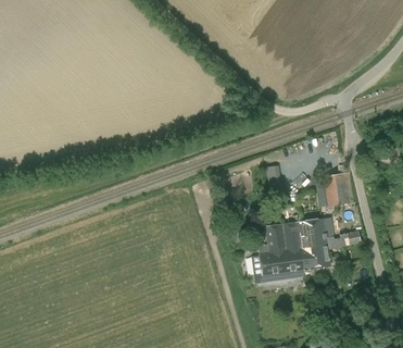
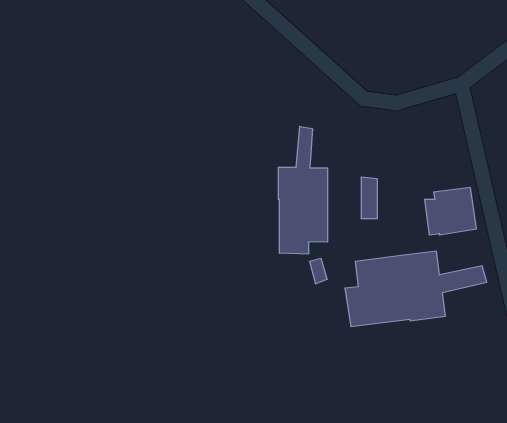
building: none -> [278,126,328,254]

